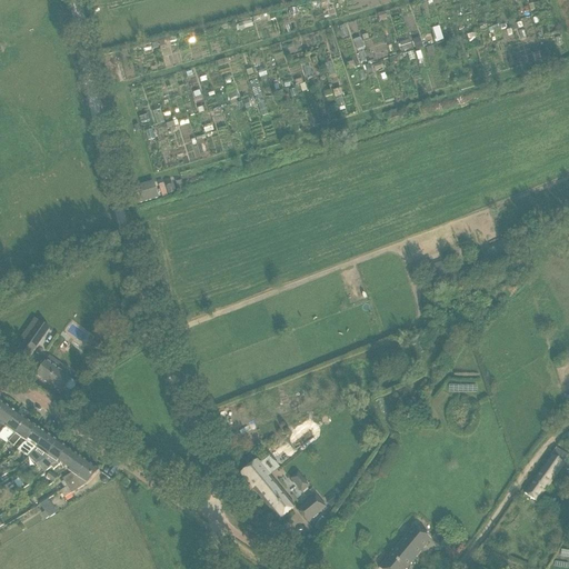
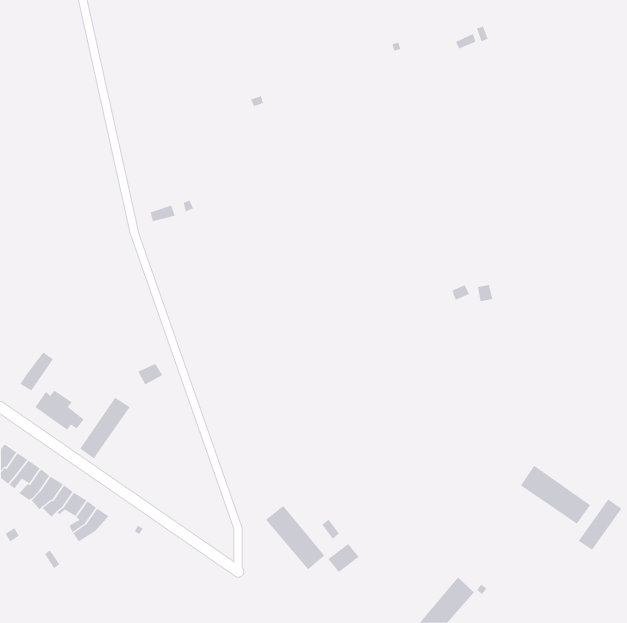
building: none -> [79,397,131,459]
building: none -> [520,465,591,525]

